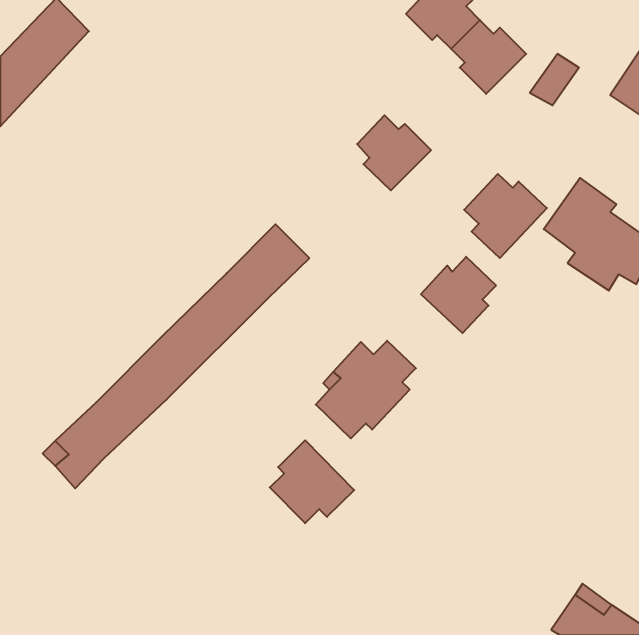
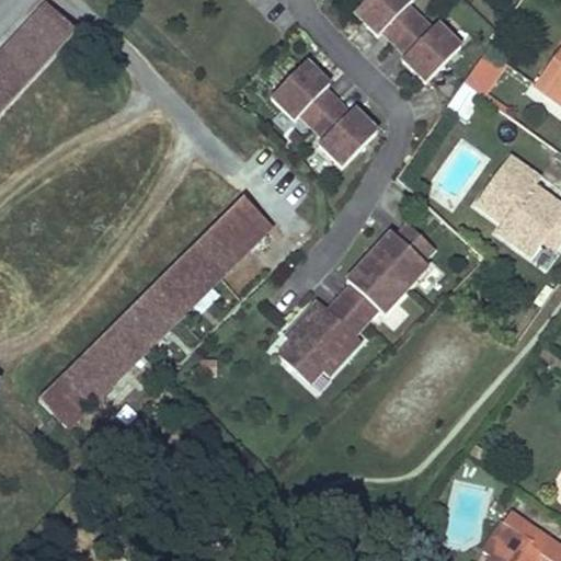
building: none -> [272,61,337,126]
building: [464,174,547,258] -> none
building: none -> [340,257,405,322]
building: [270,440,354,523] -> none

